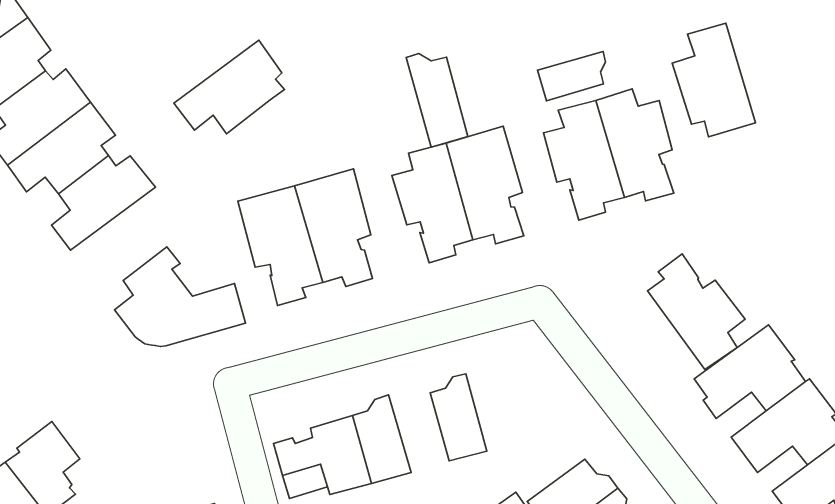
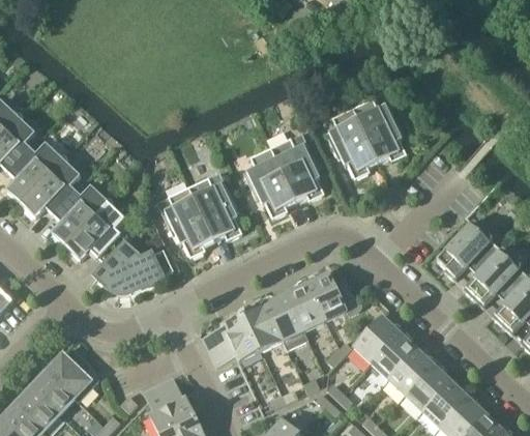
building: [672,23,755,137] -> none
building: [174,40,284,134] -> [65,202,127,260]
building: [538,51,605,101] -> none
building: [406,53,468,147] -> none
building: [648,254,745,370] -> none
building: none -> [304,272,361,321]
building: none -> [262,293,308,350]

